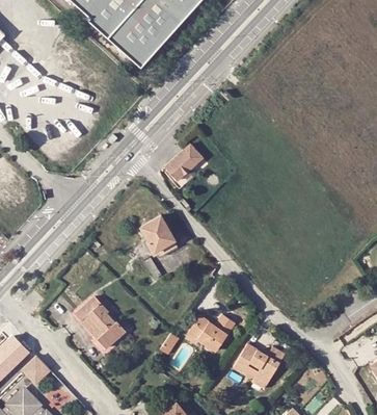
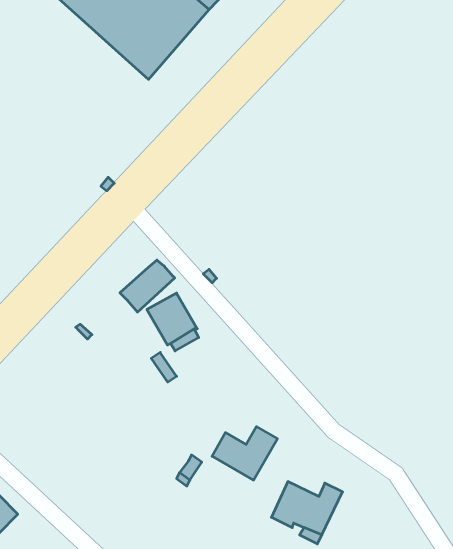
building: [164,145,203,181] -> [120,260,175,312]
building: [76,297,126,348] -> none

